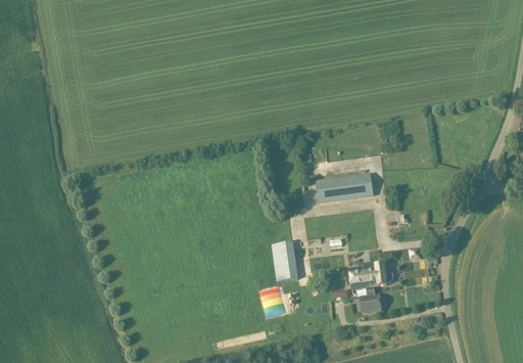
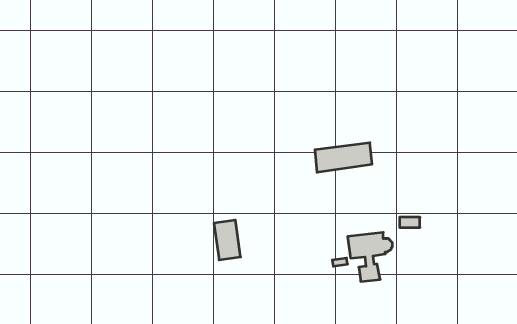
building: [272,240,298,280] -> [214,220,241,260]

